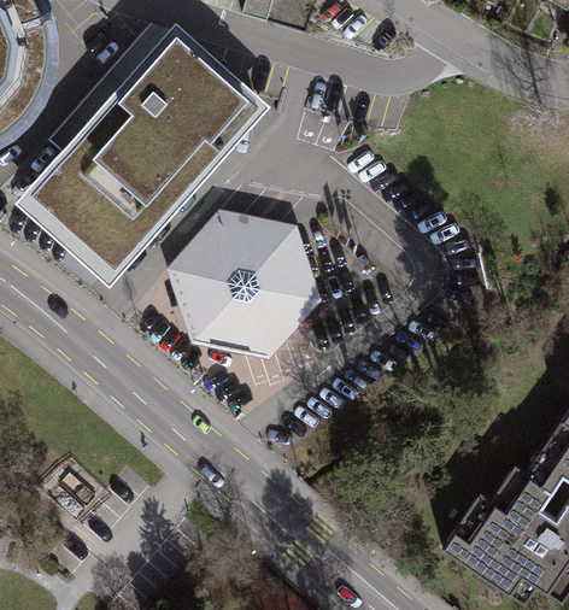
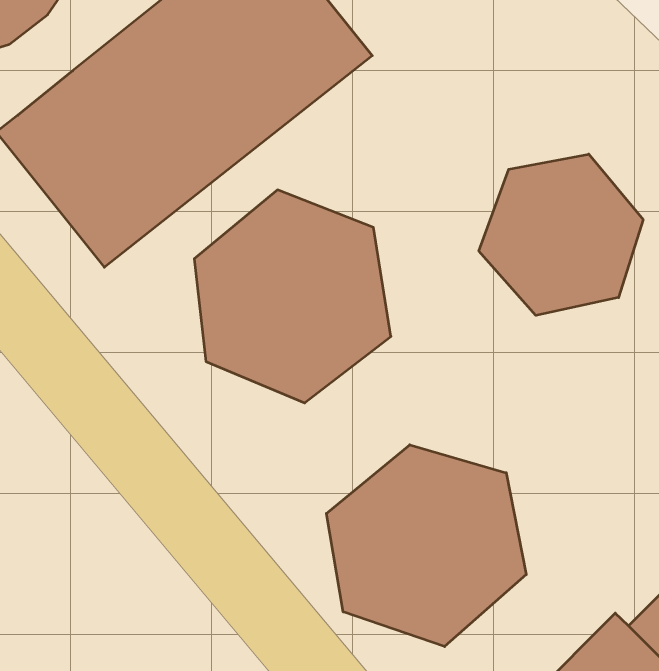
building: none -> [479,154,643,315]
building: none -> [326,445,526,647]

